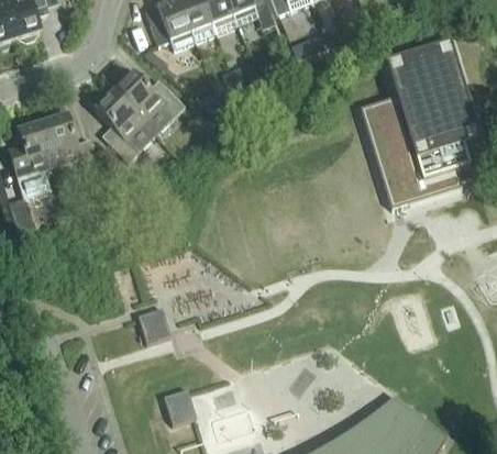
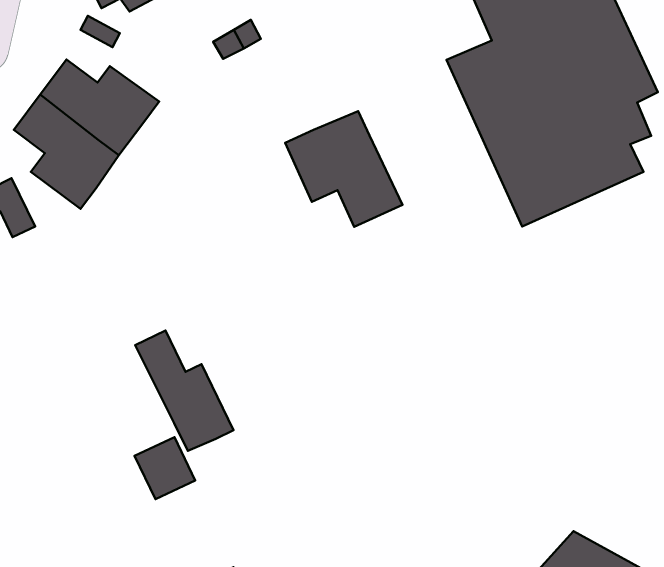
building: none -> [285,111,403,227]
building: none -> [135,331,234,451]

